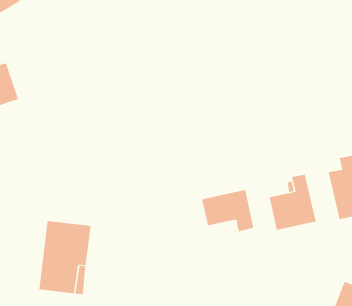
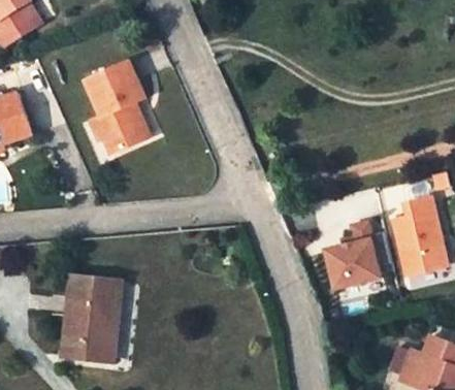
building: none -> [89,64,153,156]
building: [202,189,254,232] -> none

